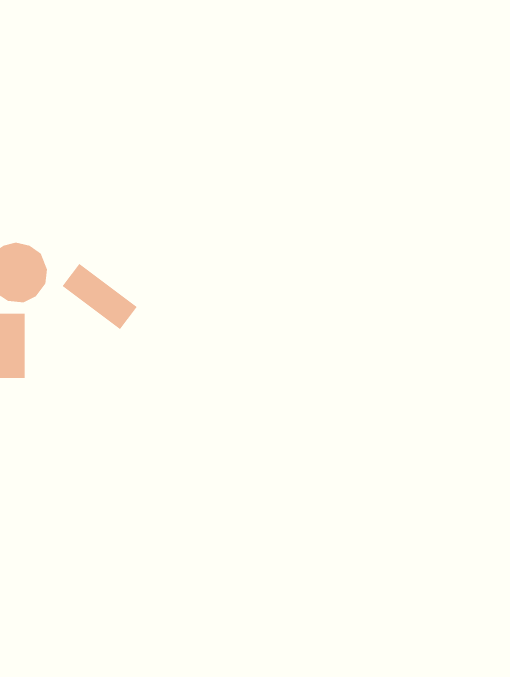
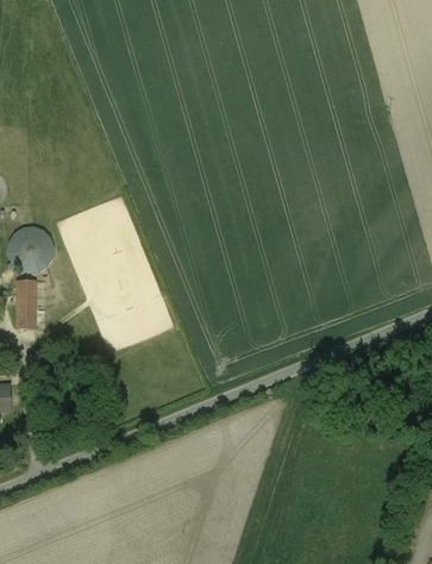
building: [62,263,138,330] -> none

